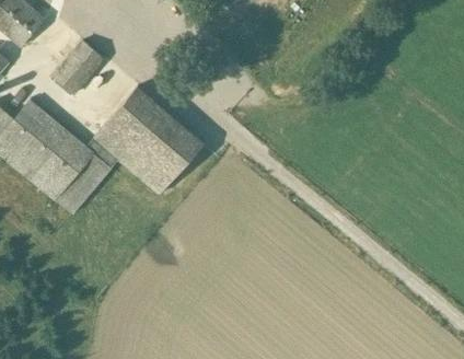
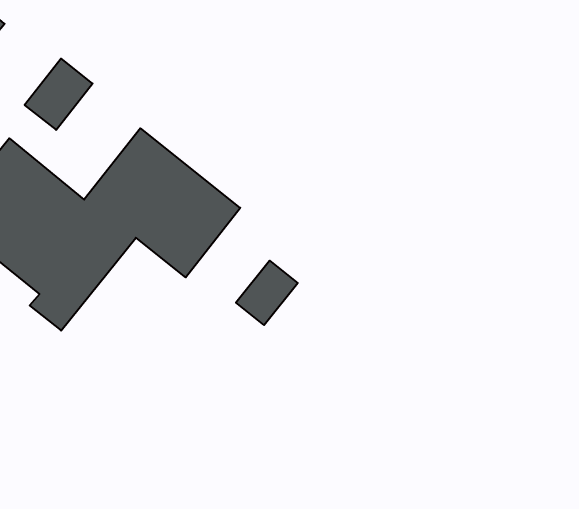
building: none -> [236,261,298,325]

